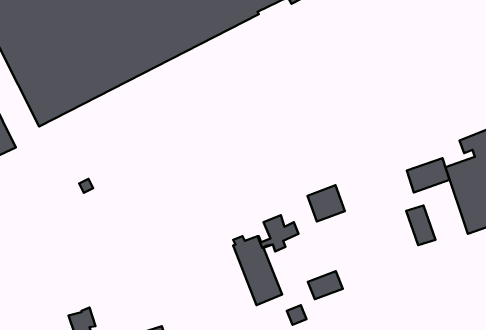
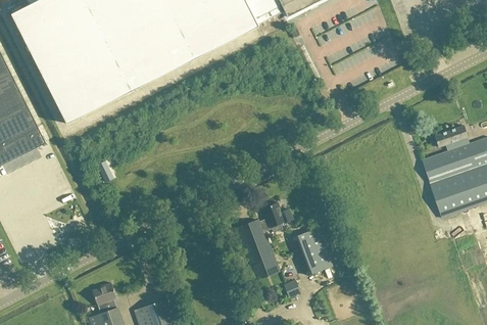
building: [407,158,450,192] -> none
building: [308,185,345,222] -> [293,228,326,260]
building: [406,205,435,245] -> none

